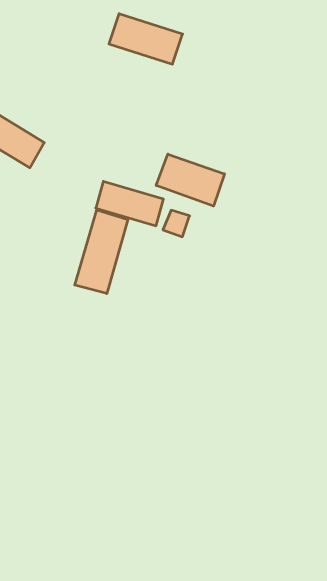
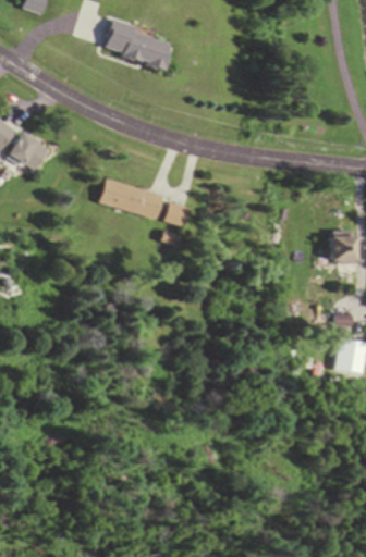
building: [156,154,224,206] -> none
building: [75,210,128,294] -> none

